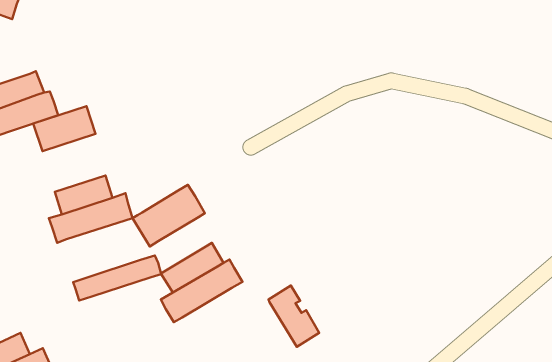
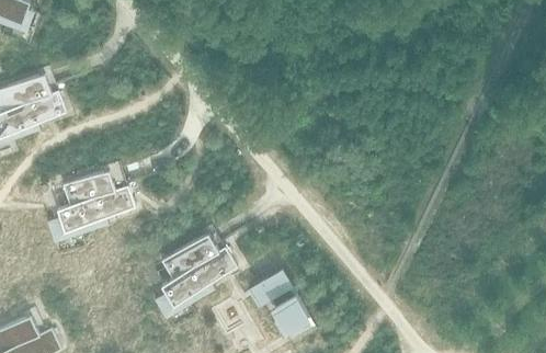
building: [33,106,96,151] -> none
building: [133,185,205,246] -> none
building: [73,255,161,301] -> none

